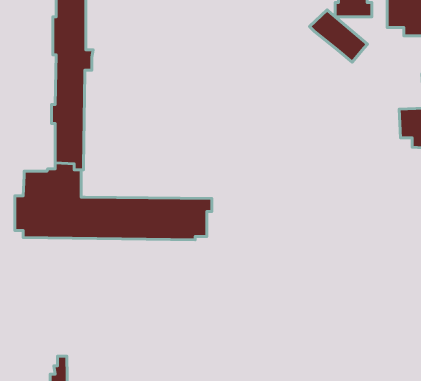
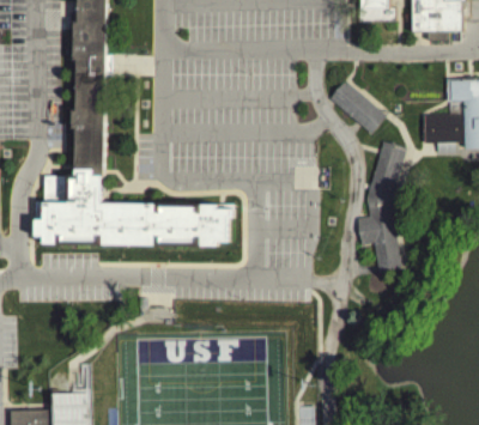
building: [309,10,368,62] -> [328,80,387,133]
building: none -> [357,141,406,272]

